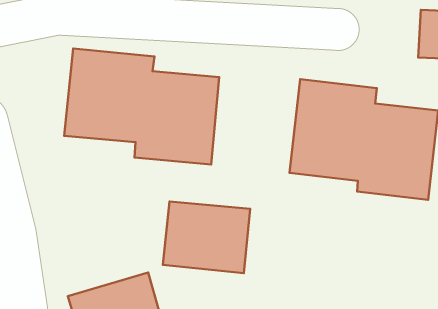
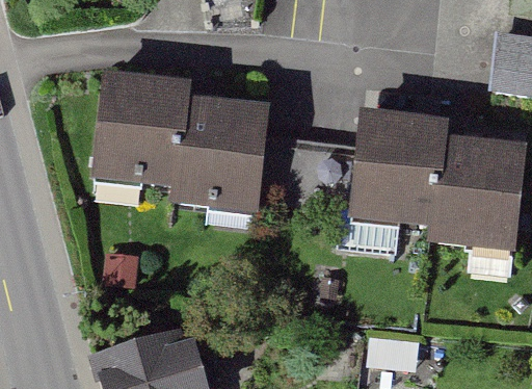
building: [163,201,250,273] -> none

